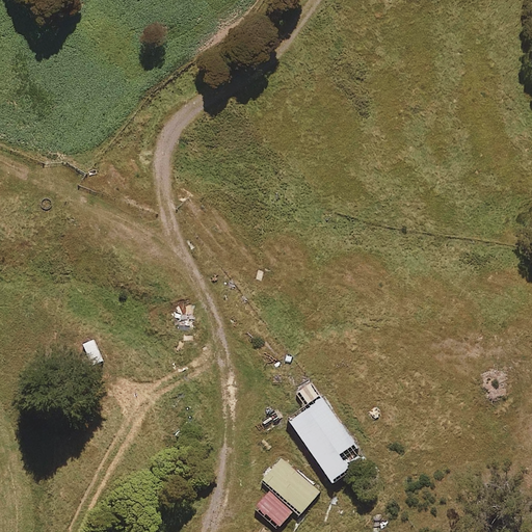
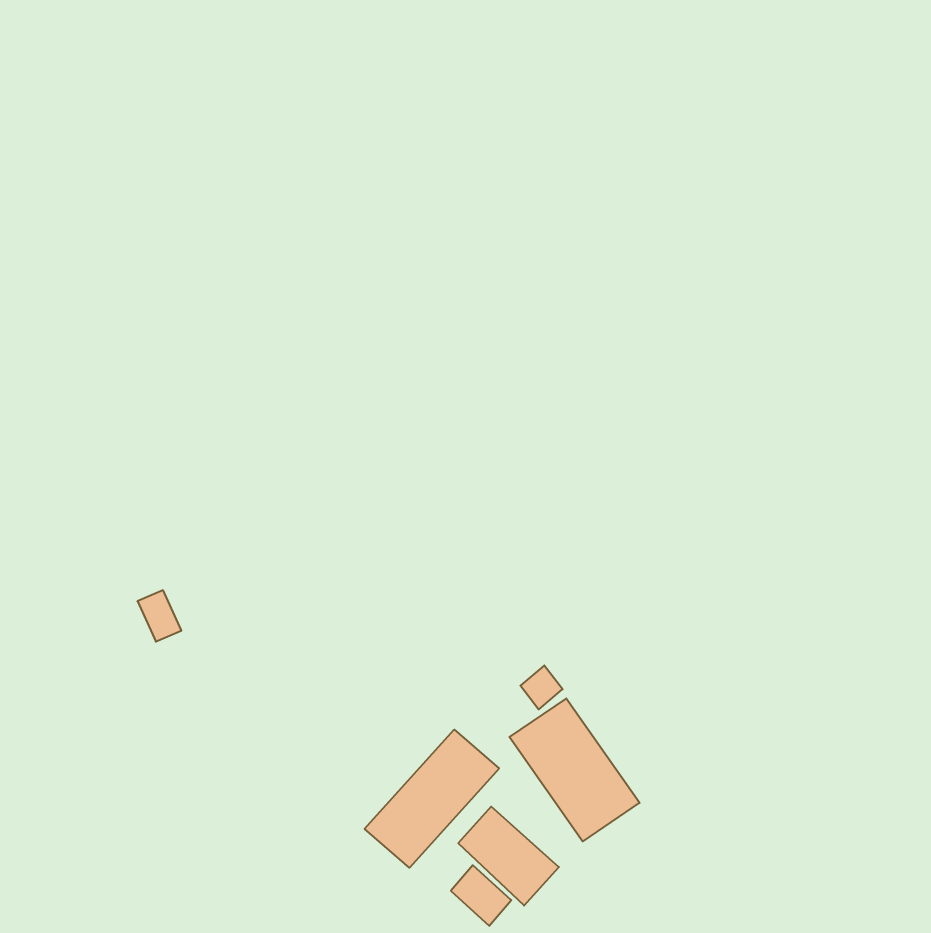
building: none -> [365,730,499,868]

